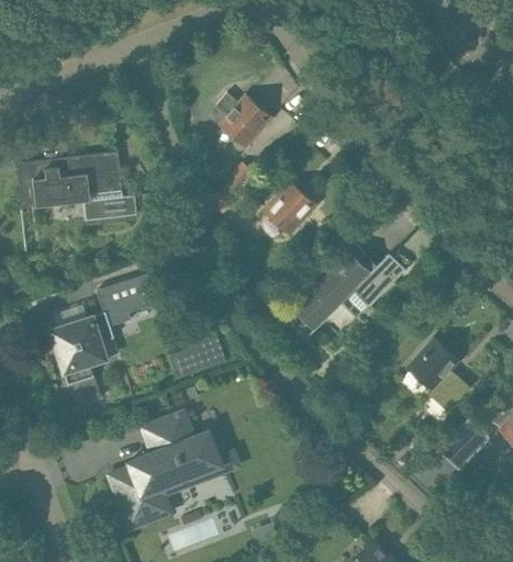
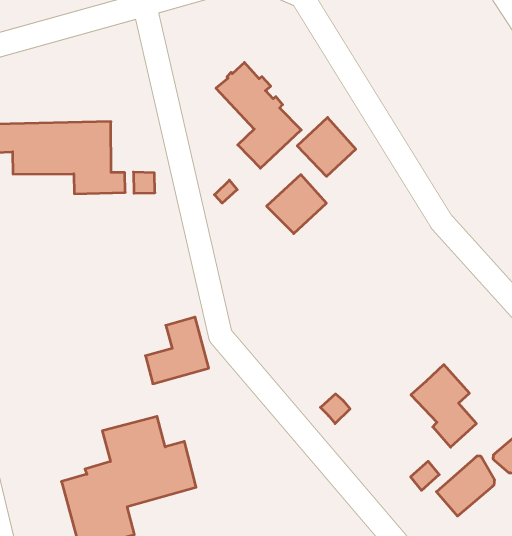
building: none -> [297,117,356,176]
building: [292,251,405,331] -> none
building: [49,274,155,406] -> none

